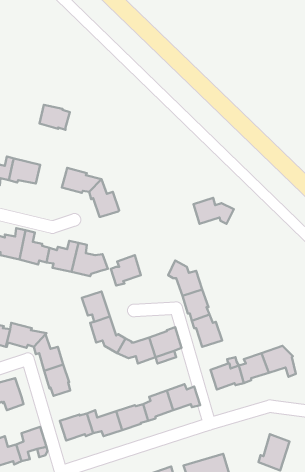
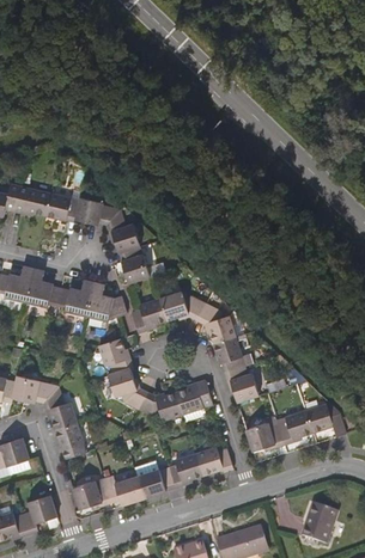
building: [40,105,70,130] -> [45,192,80,221]
building: [193,198,234,224] -> [159,289,206,319]
building: none -> [120,246,151,283]

